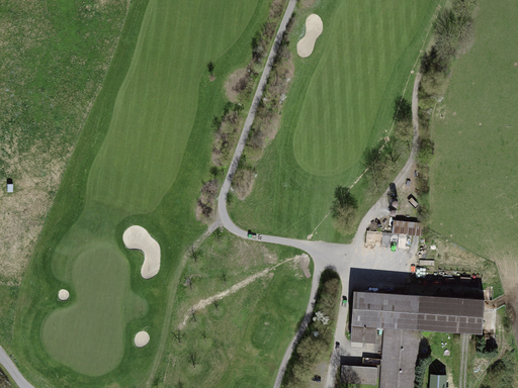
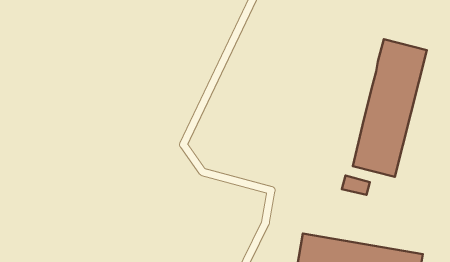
building: none -> [353,39,427,177]

